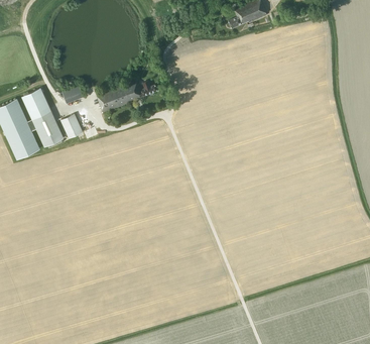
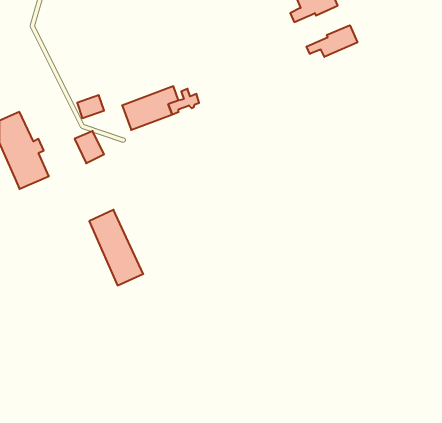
building: none -> [307,25,357,57]
building: [21,87,64,146] -> [89,210,143,285]

